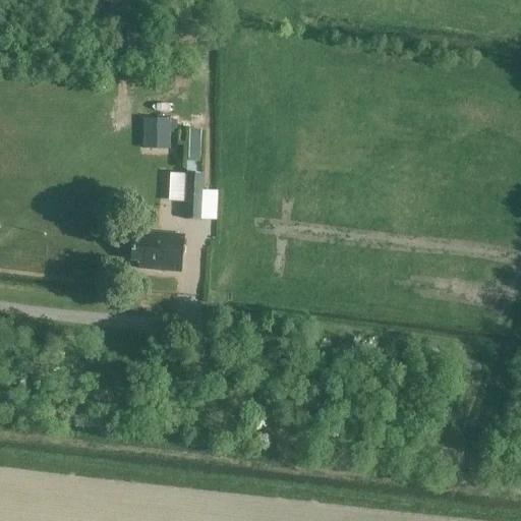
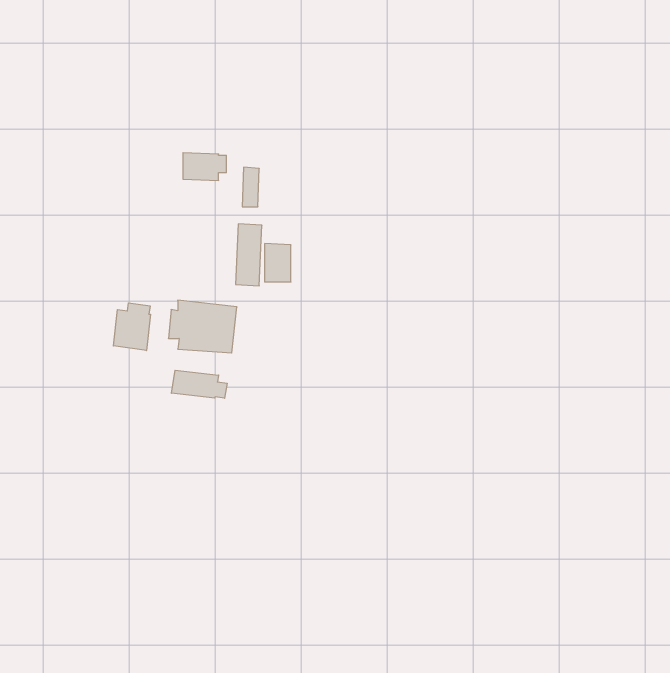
building: none -> [113,303,150,351]
building: none -> [171,370,227,398]

